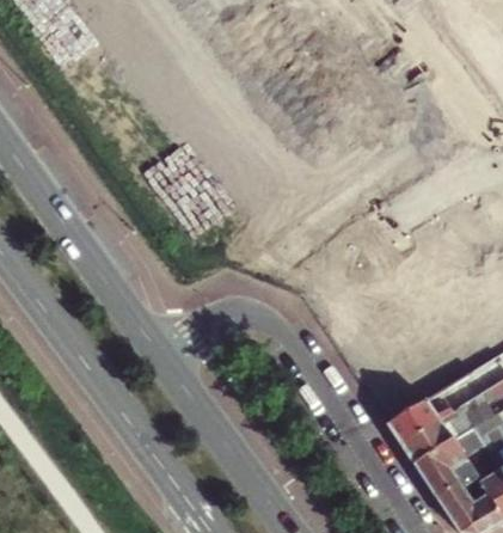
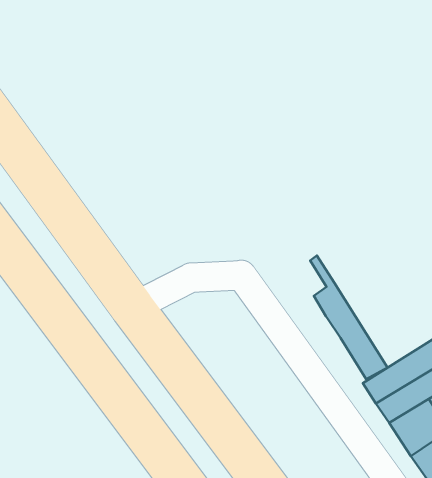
building: none -> [310,255,387,379]

